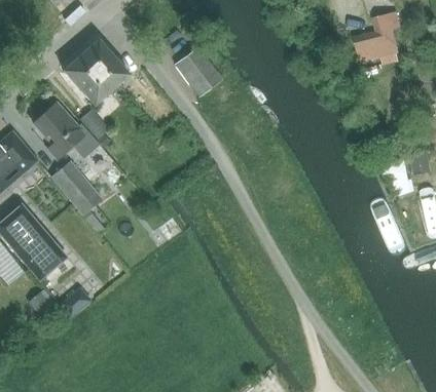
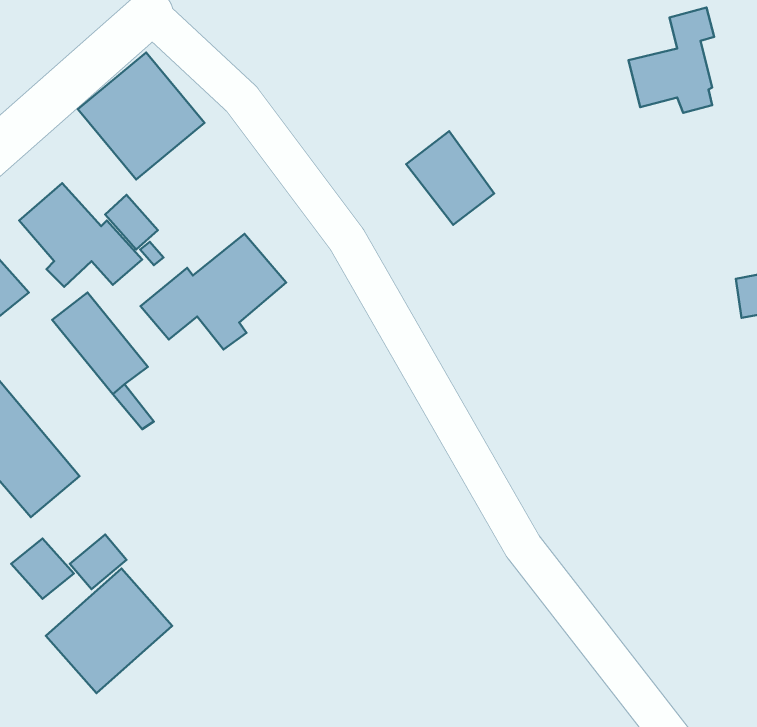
building: [175,46,221,95] -> [406,131,494,225]
building: none -> [141,234,286,350]
building: none -> [46,569,172,693]

